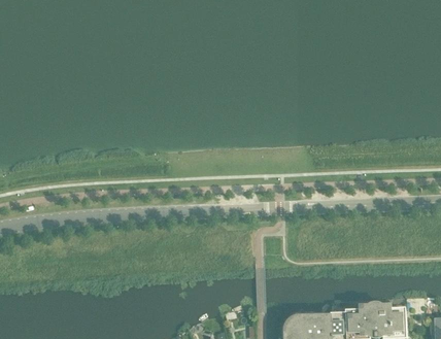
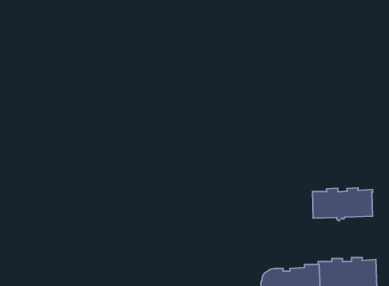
building: none -> [312,188,373,221]

